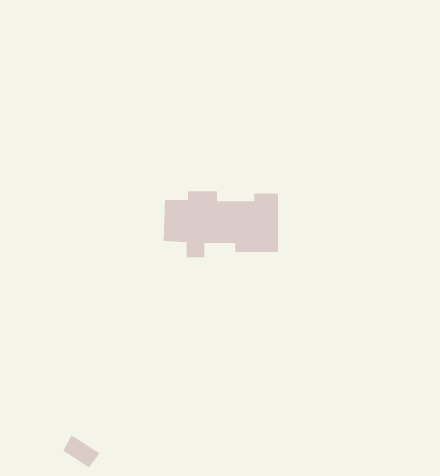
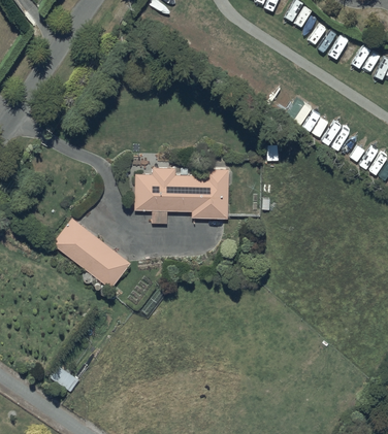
building: none -> [52,219,129,288]

